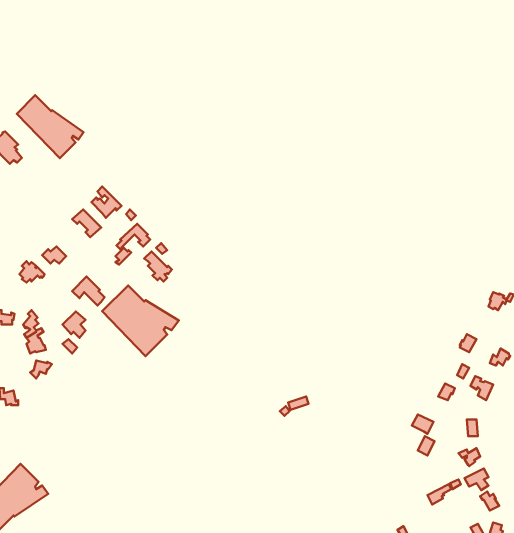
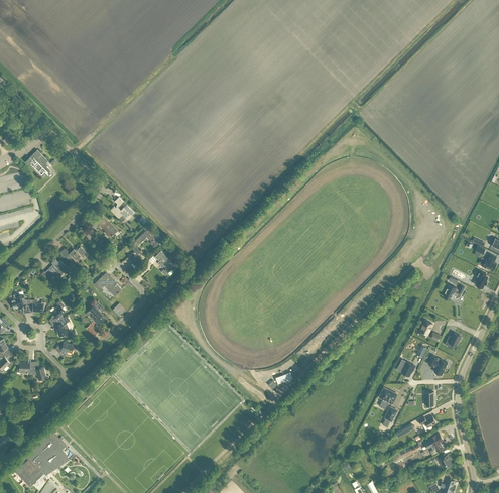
building: [17,95,83,158] -> none
building: [102,285,179,356] -> none

